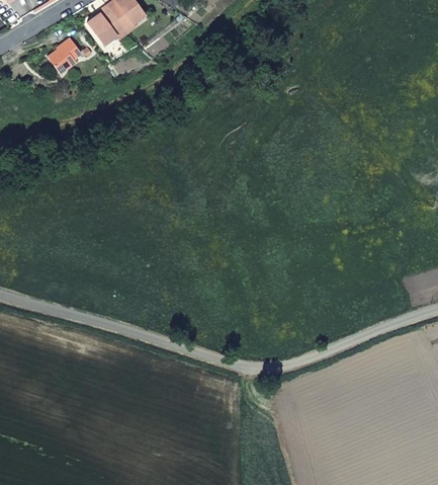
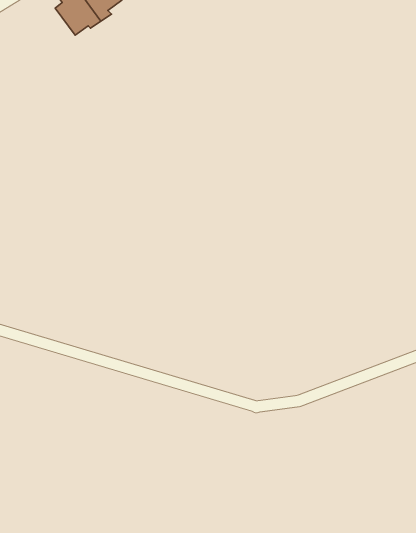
building: [48,37,82,74] -> none

